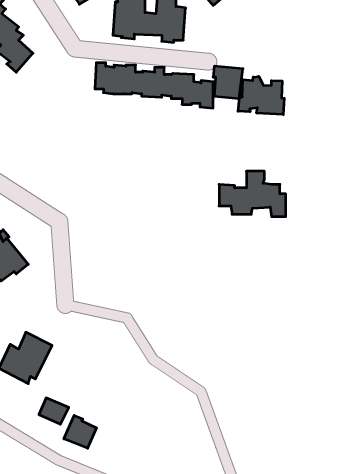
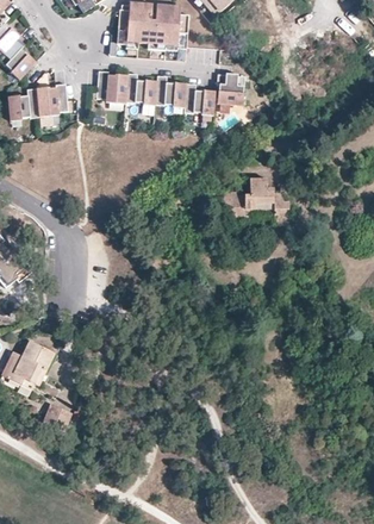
building: none -> [8,83,68,119]
building: [238,76,284,115] -> none
building: [64,415,96,448] -> none

